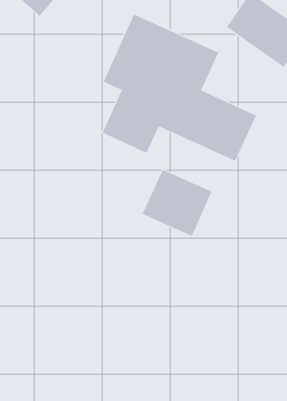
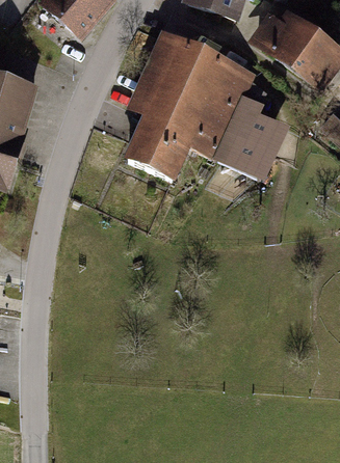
building: [142,169,212,237] -> none

